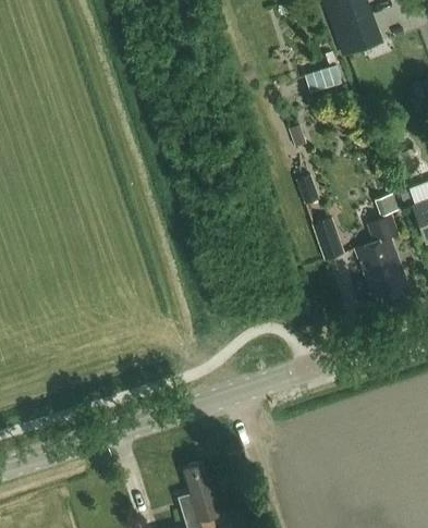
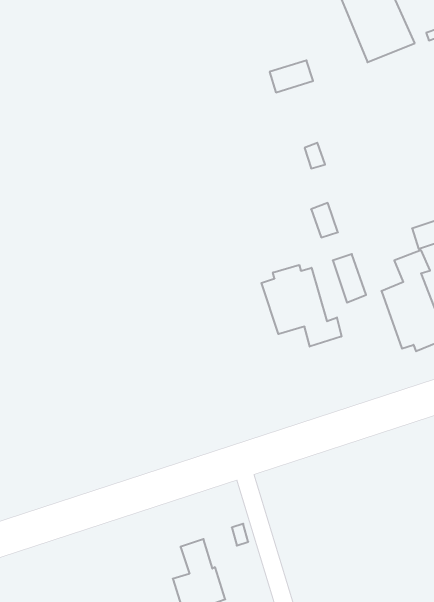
building: [305,64,342,91] -> [270,60,313,92]
building: none -> [261,265,341,347]

